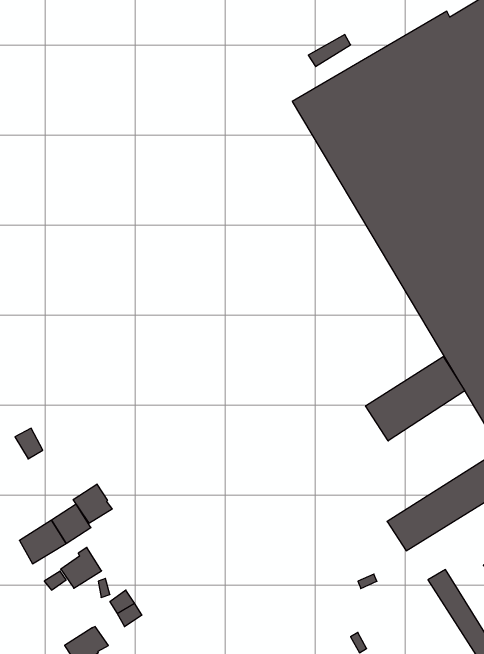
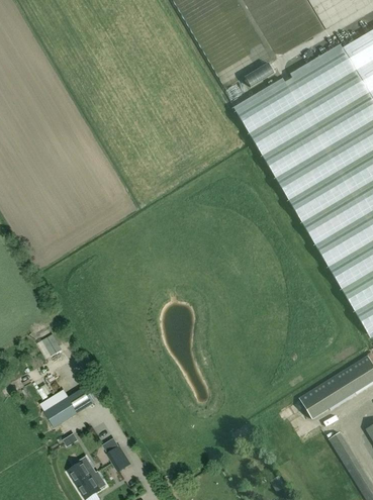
building: [366,357,465,441] -> none
building: [73,484,112,523] -> none
building: [61,547,102,588] -> [67,456,95,484]

